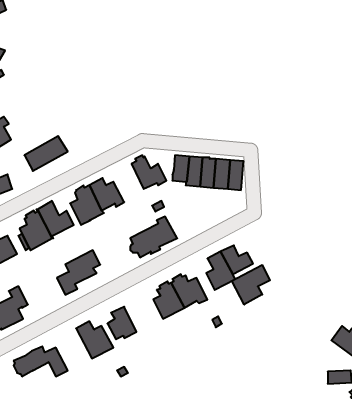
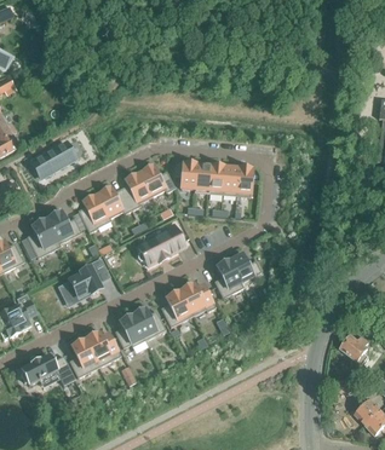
building: none -> [121,169,151,208]
building: [232,265,270,305] -> none
building: none -> [132,307,166,339]
building: none -> [69,335,99,376]

